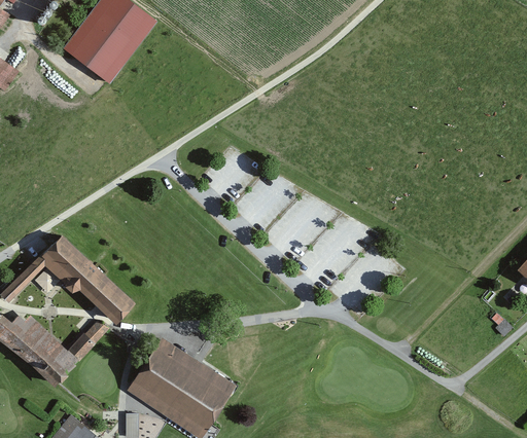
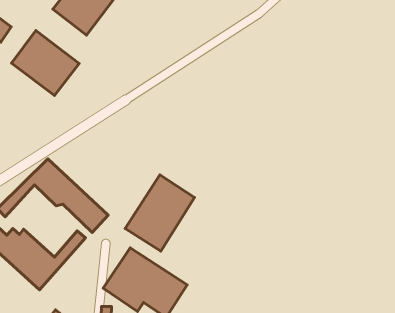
building: none -> [11,31,79,95]
building: none -> [125,175,195,251]

